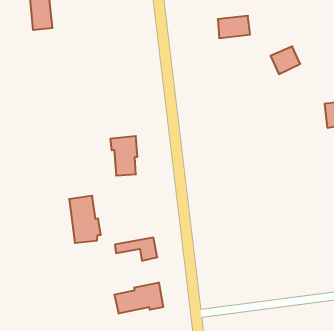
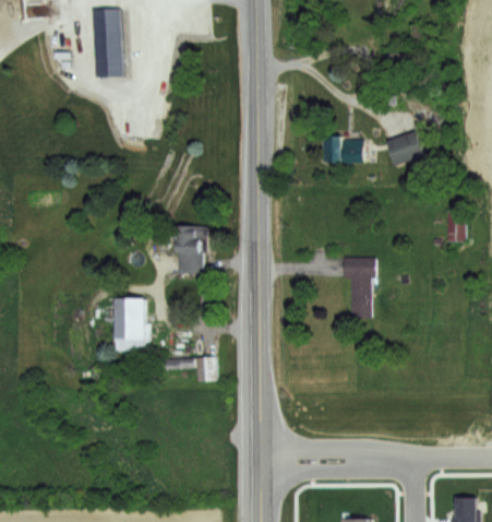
building: [218,16,250,38] -> [324,139,363,163]
building: none -> [345,257,376,317]
building: [114,282,163,314] -> none

